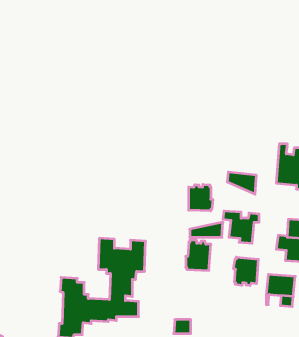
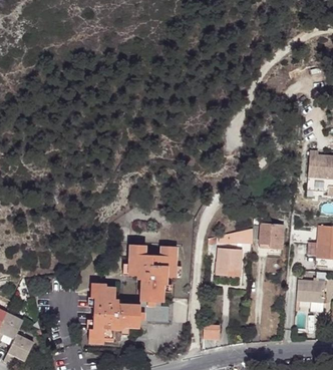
building: [227,172,256,194] -> none
building: [189,184,213,211] -> none
building: [234,257,258,286] -> none

